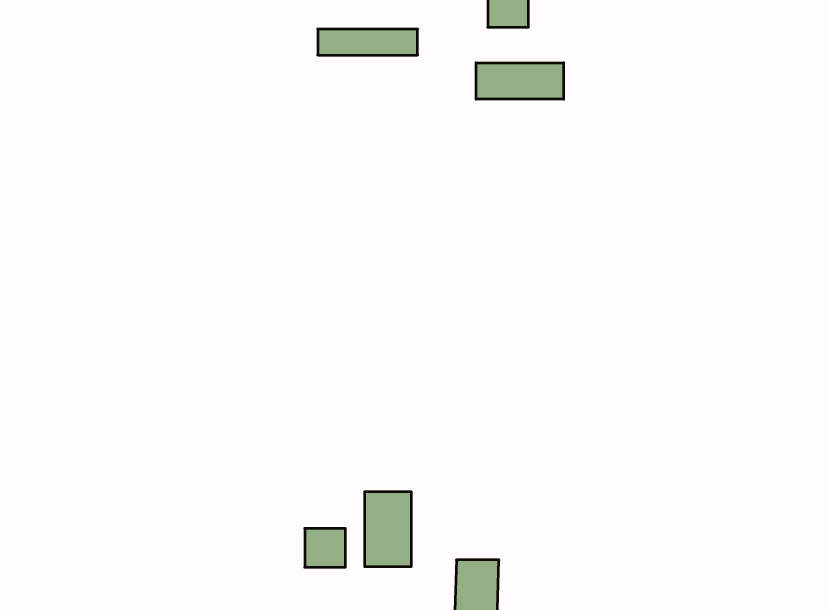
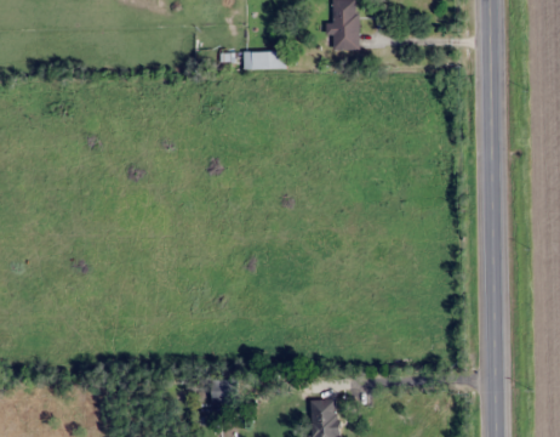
building: [476,63,564,99] -> none
building: [365,492,411,567] -> none

